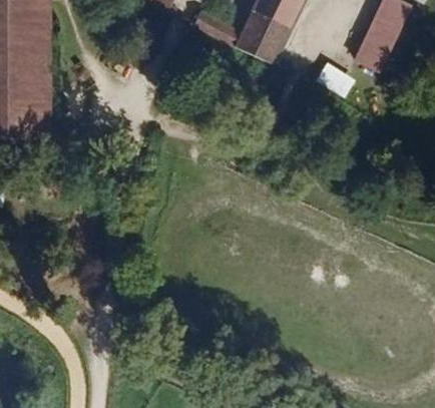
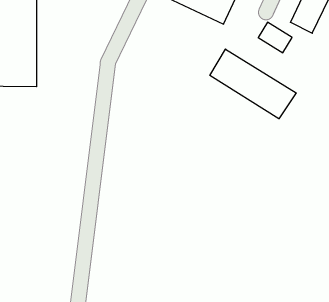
building: none -> [210,49,296,119]

